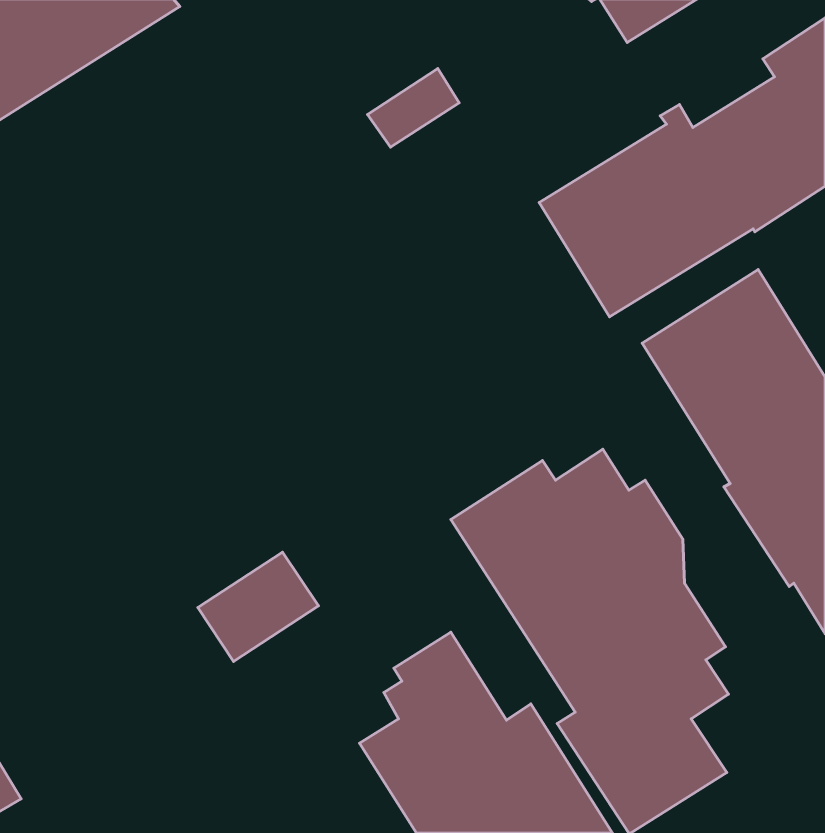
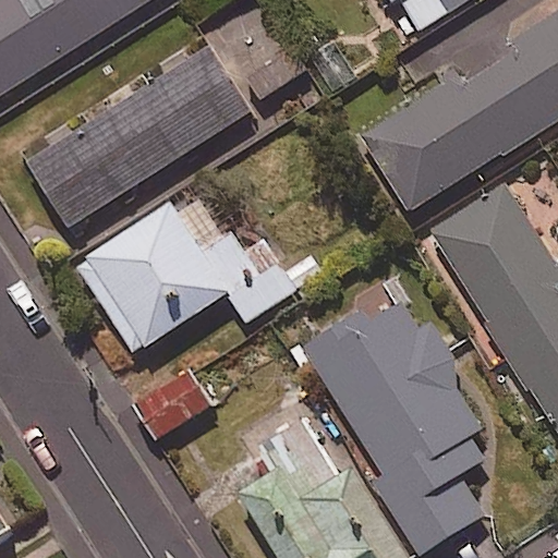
building: none -> [26,46,252,228]
building: none -> [77,194,319,354]

